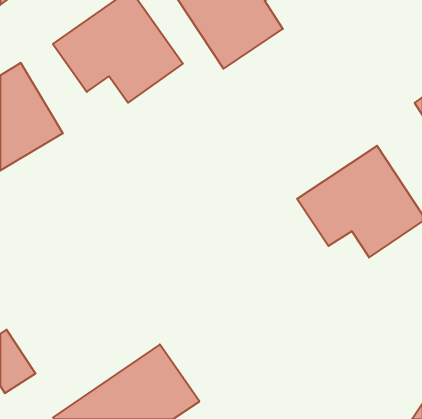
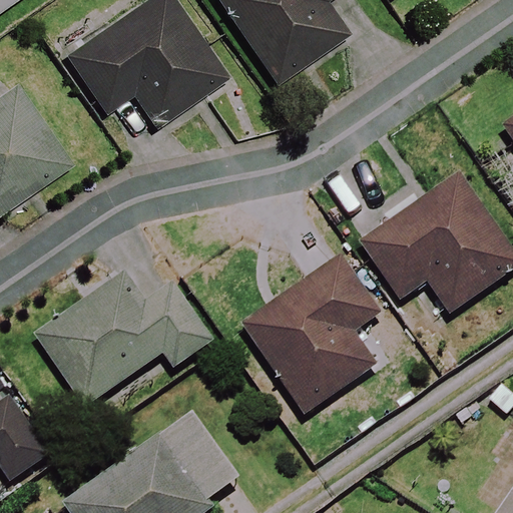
building: none -> [35,226,212,409]
building: none -> [244,259,378,412]

